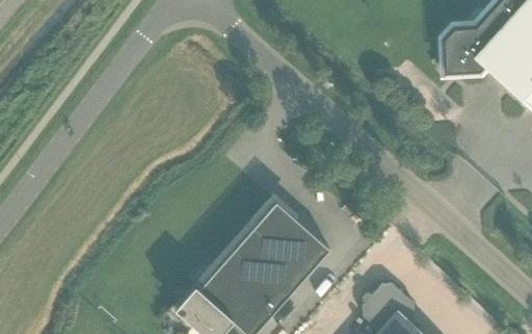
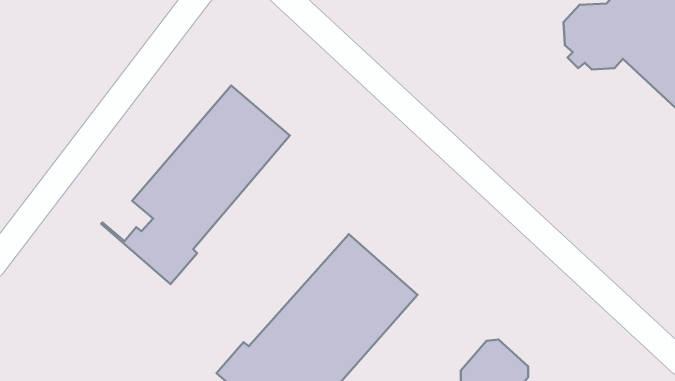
building: none -> [101,86,290,284]

